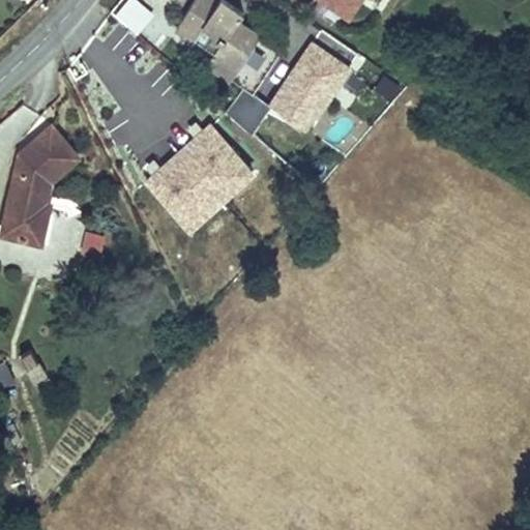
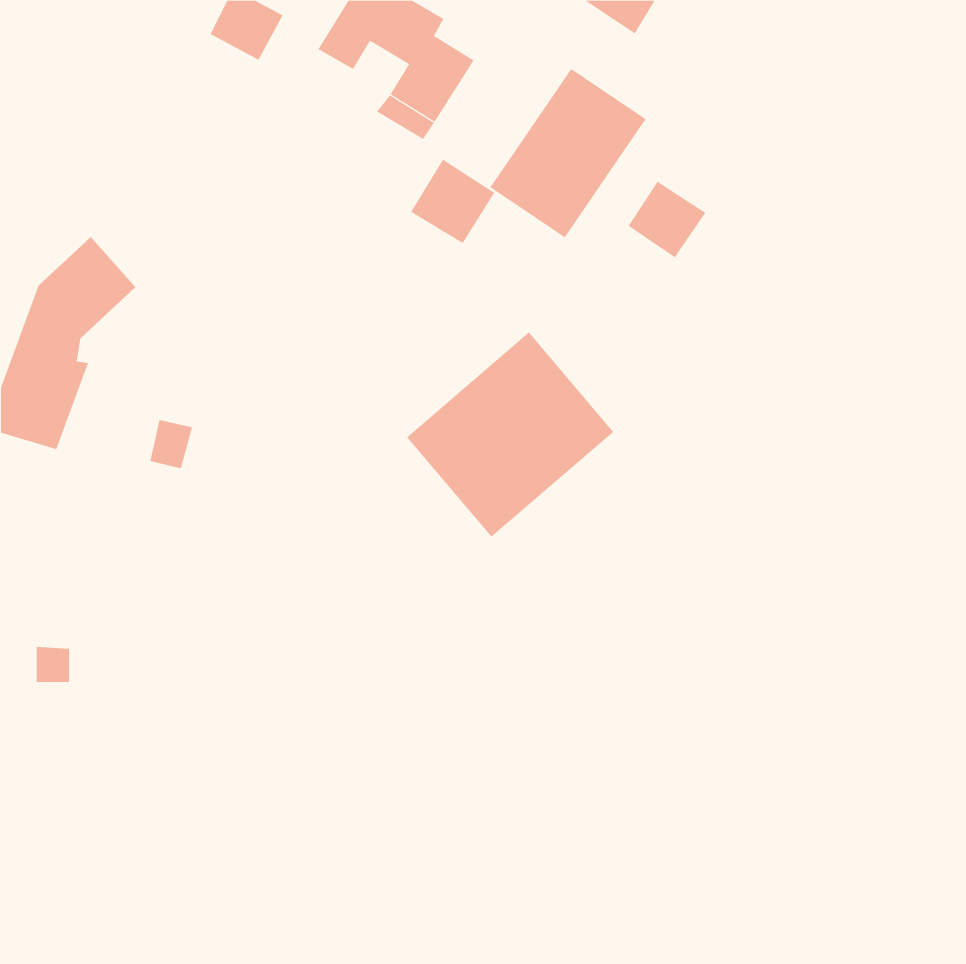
building: none -> [628,181,706,258]
building: [145,121,259,234] -> [406,332,614,538]

